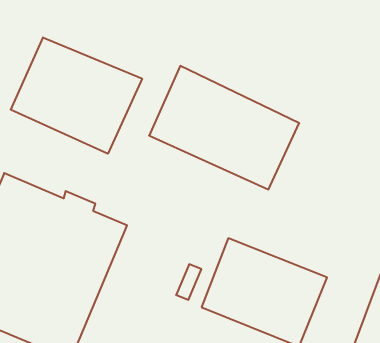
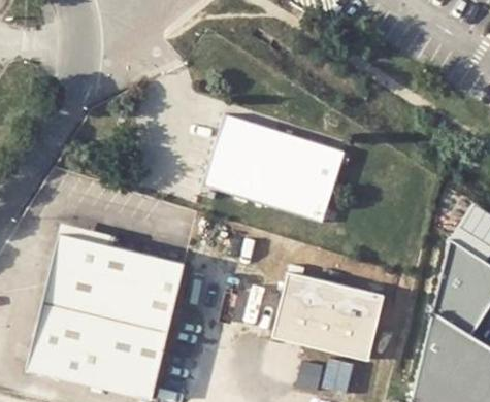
building: [11,37,142,154] -> none

